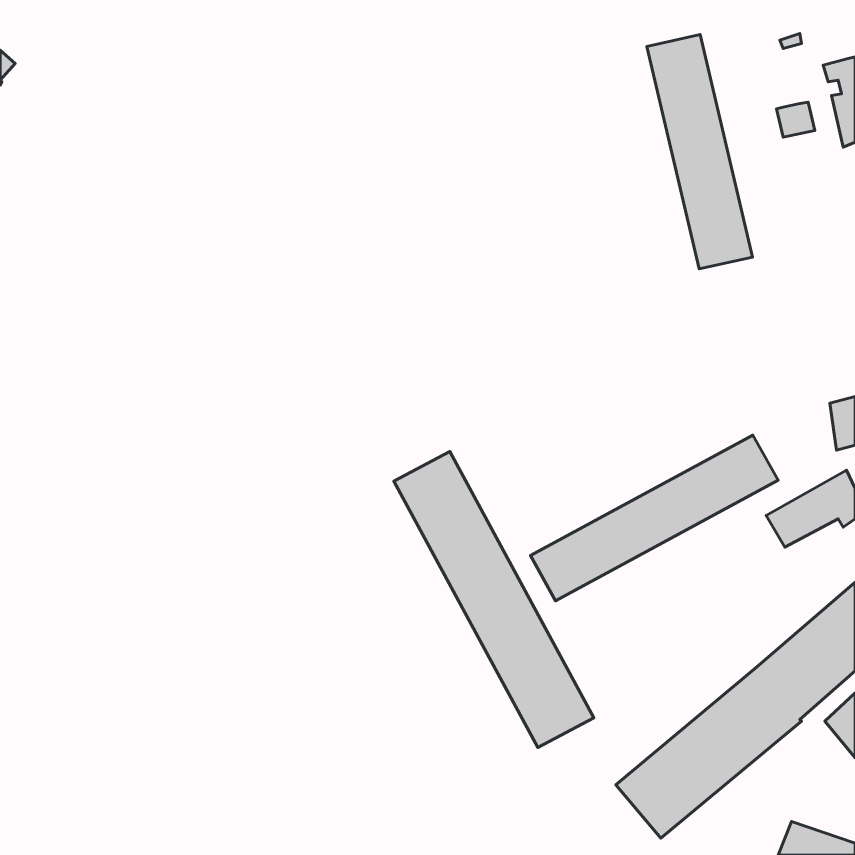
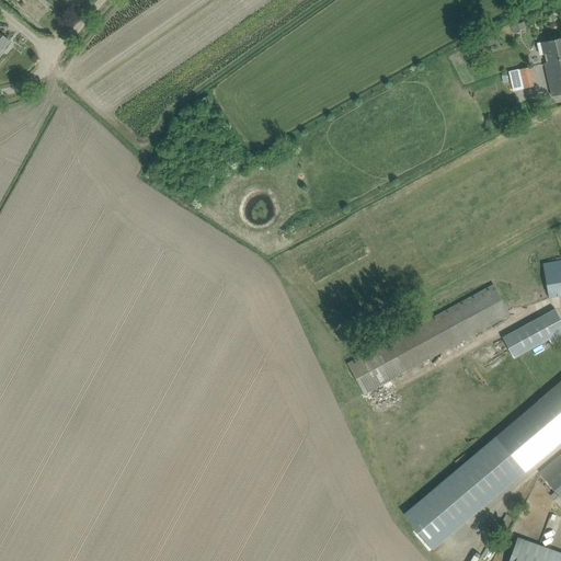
building: [647,34,752,269] -> none
building: [394,452,594,748] -> none

